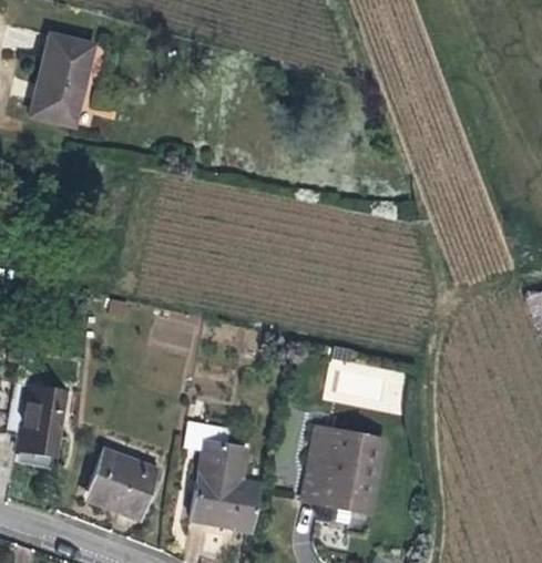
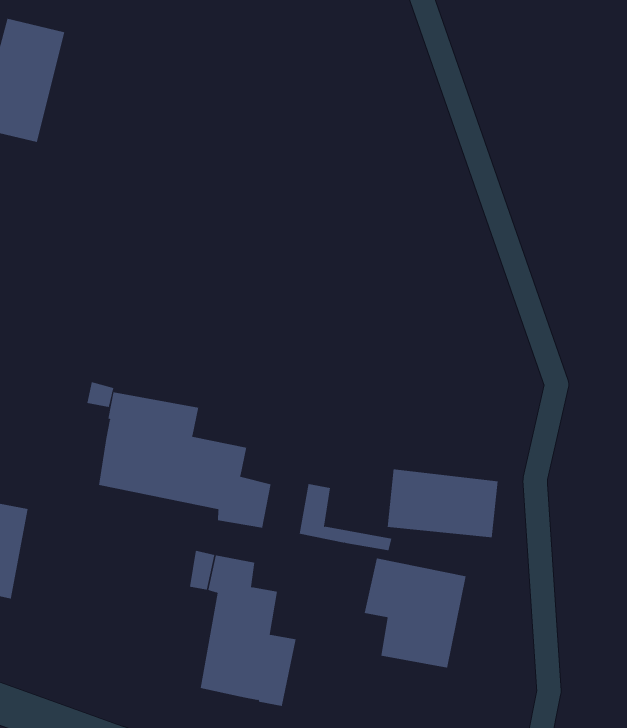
building: none -> [98,391,271,529]
building: [93,452,157,519] -> none
building: [303,465,370,514] -> [299,483,392,551]

